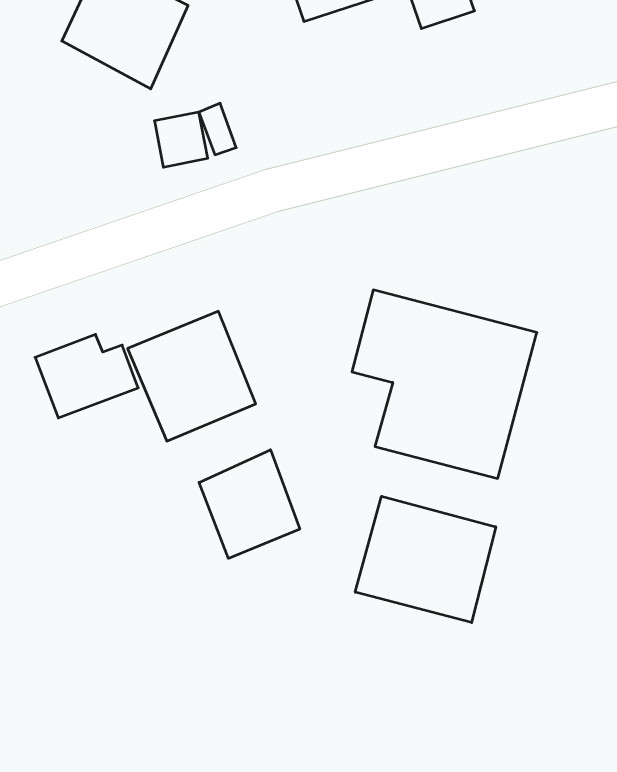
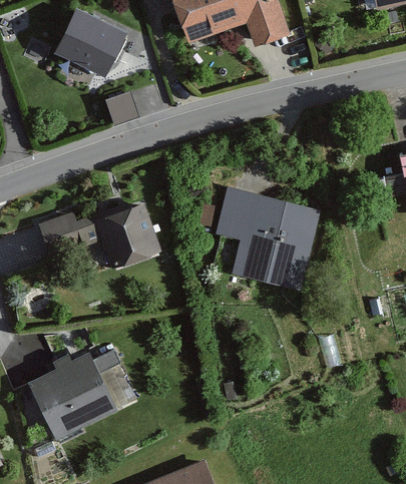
building: [199,450,300,558] -> none
building: [355,496,496,623] -> none
building: none -> [26,352,125,442]

